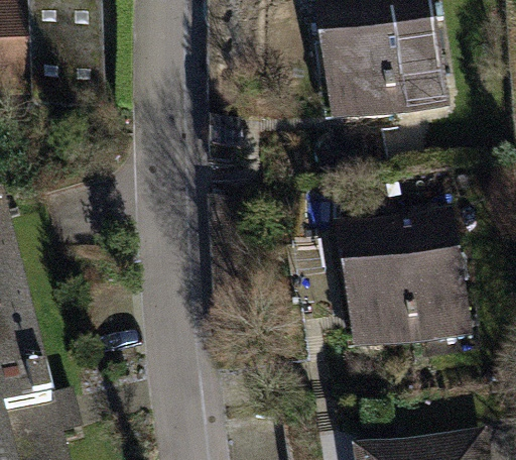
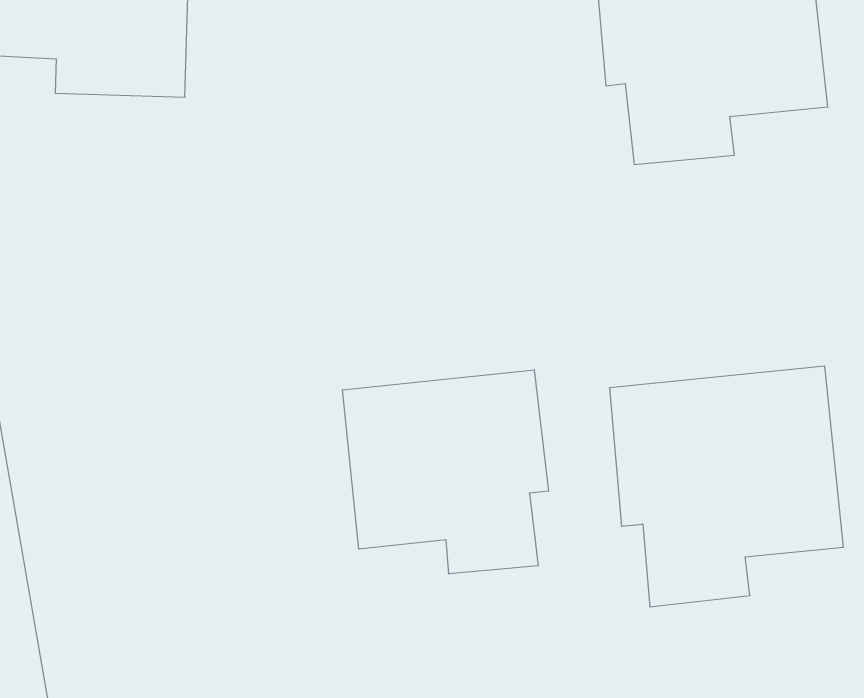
building: none -> [343,370,548,574]

